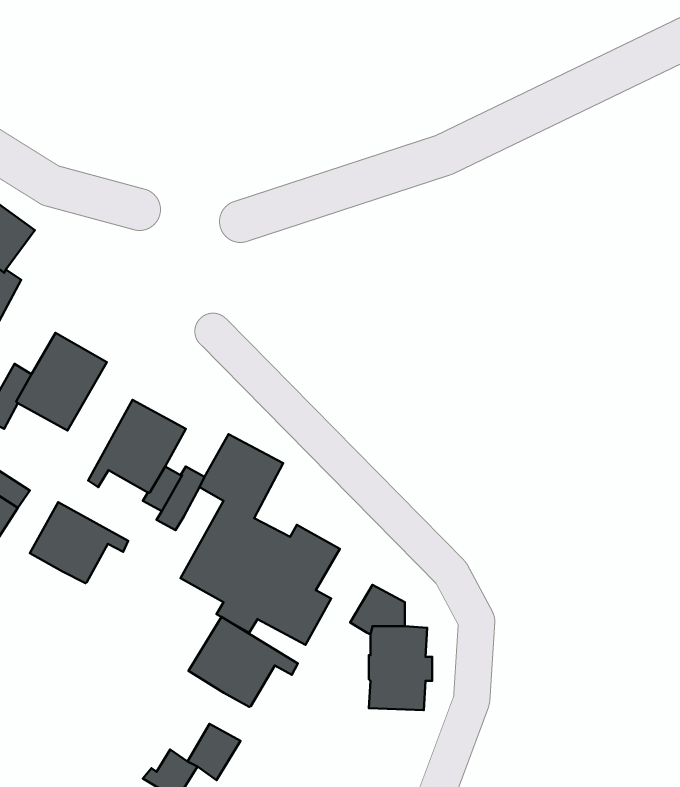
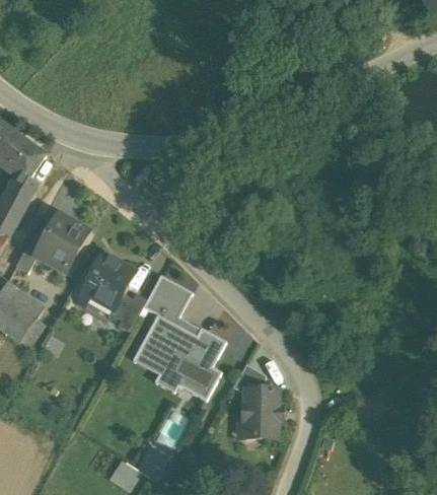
building: [30,502,128,583] -> none
building: [188,617,298,707] -> none

